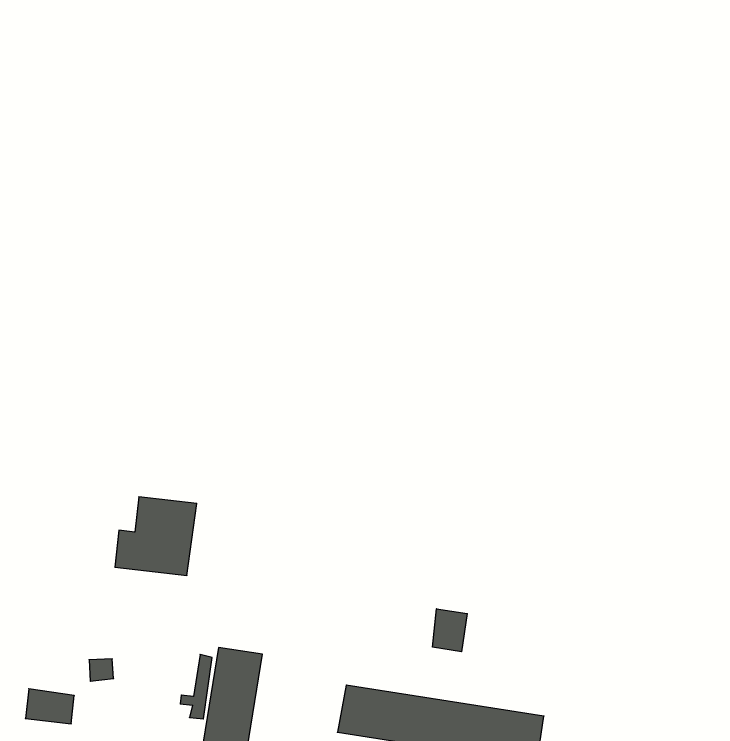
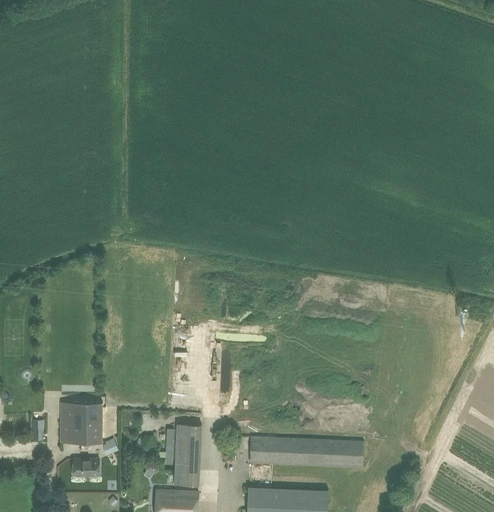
building: [115,497,197,575] -> [60,402,102,443]
building: [433,609,467,652] -> none

